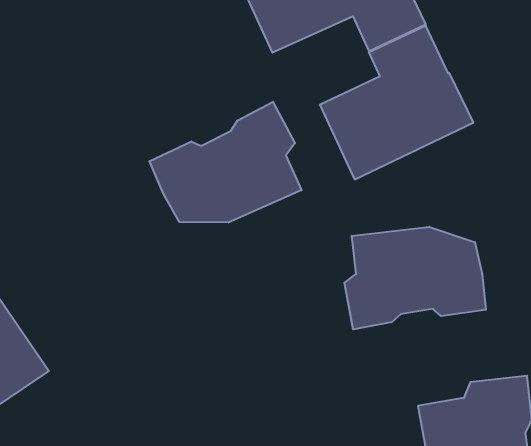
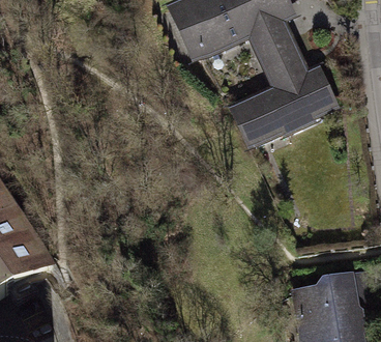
building: [149,102,302,223] -> none
building: [344,227,486,329] -> none

